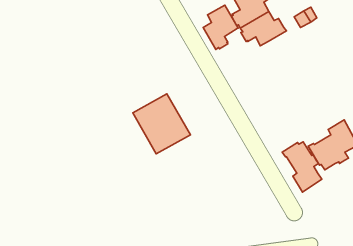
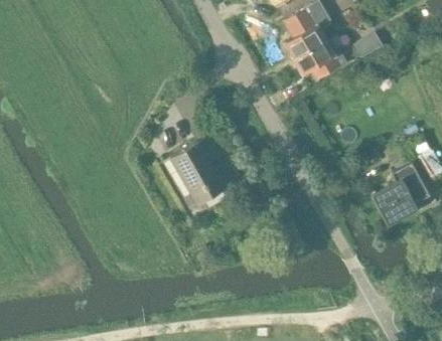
building: [203,5,238,49] -> none
building: [282,142,322,192] -> none

